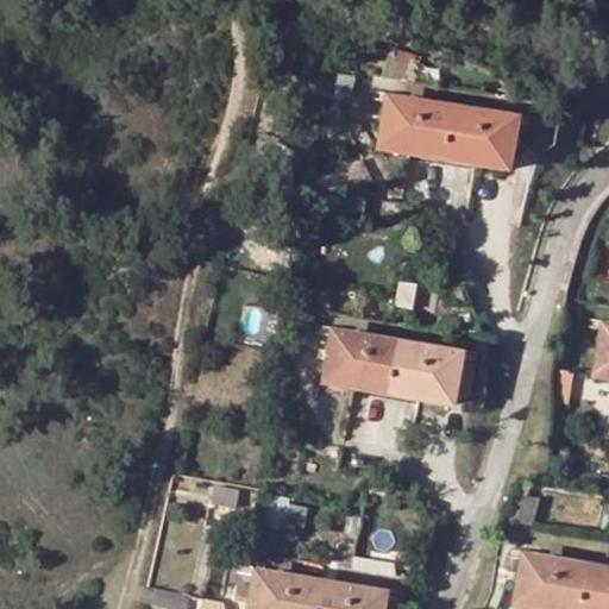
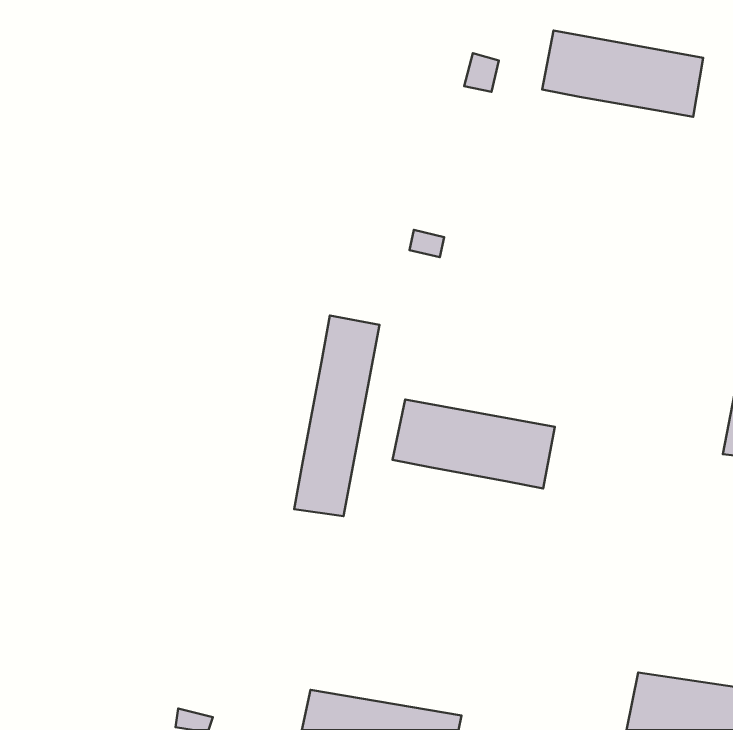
building: [381,96,514,168] -> [542,31,703,117]
building: none -> [294,315,379,516]

